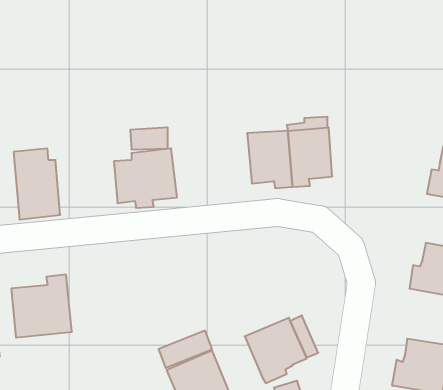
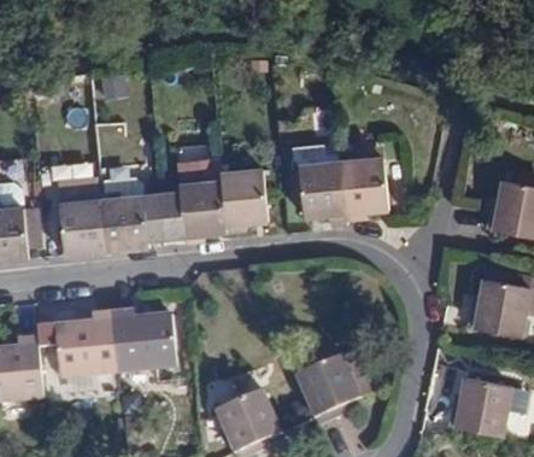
building: none -> [221,170,266,232]
building: none -> [101,178,165,250]
building: none -> [112,311,176,370]

